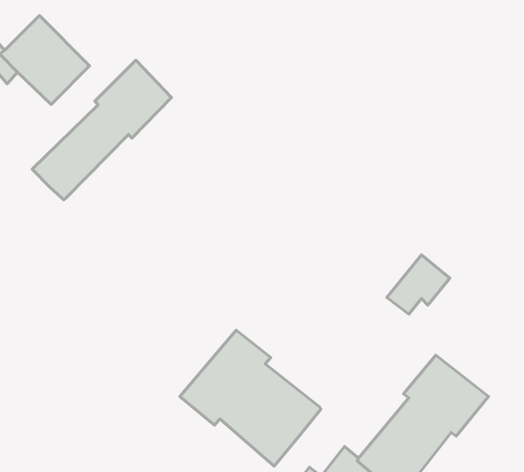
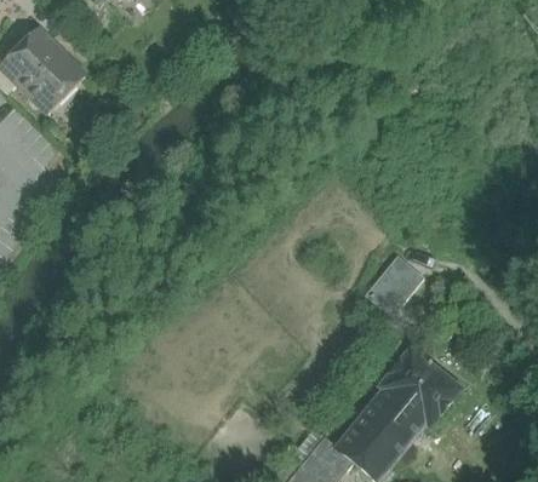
building: [32,60,171,200] -> none
building: [180,330,321,466] -> none

